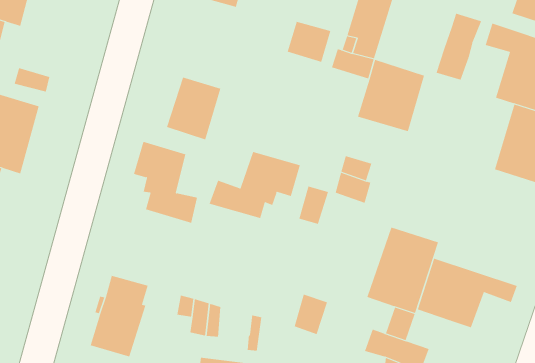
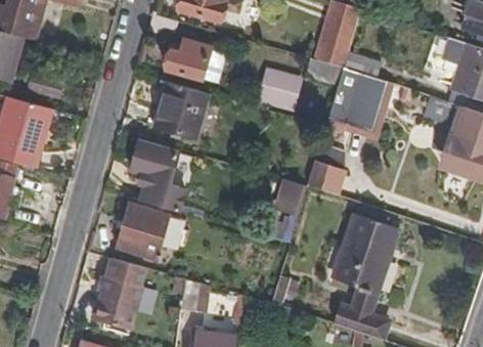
building: [436,13,482,81] -> none
building: [287,21,331,62] -> [260,74,299,110]
building: none -> [165,39,213,80]
building: [209,151,301,219] -> none
building: none -> [117,201,171,259]
building: [417,258,517,328] -> none

